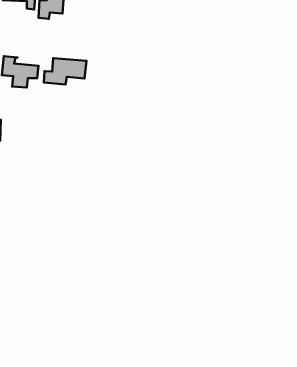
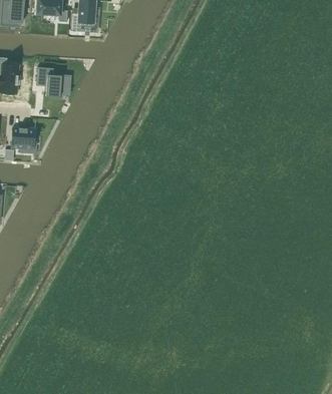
building: [44,58,86,84] -> none

